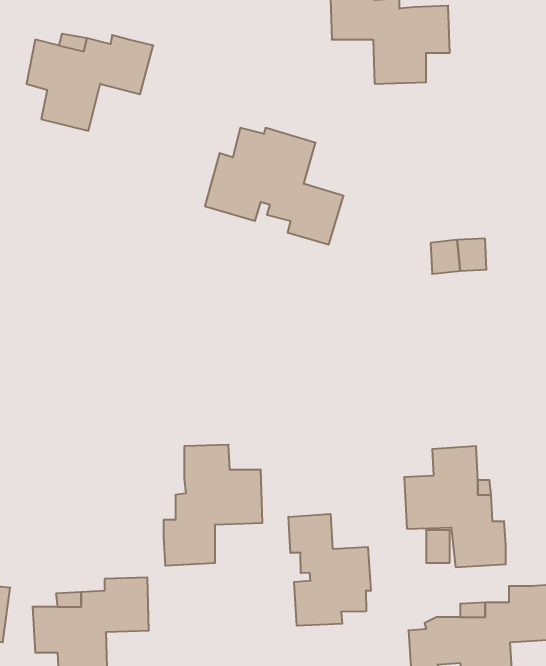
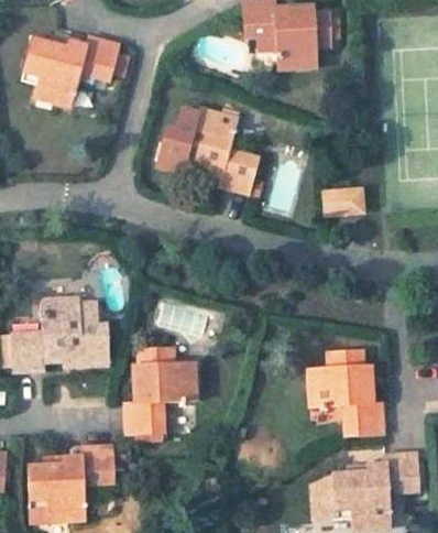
building: none -> [12,296,109,369]
building: [288,514,371,626] -> none

